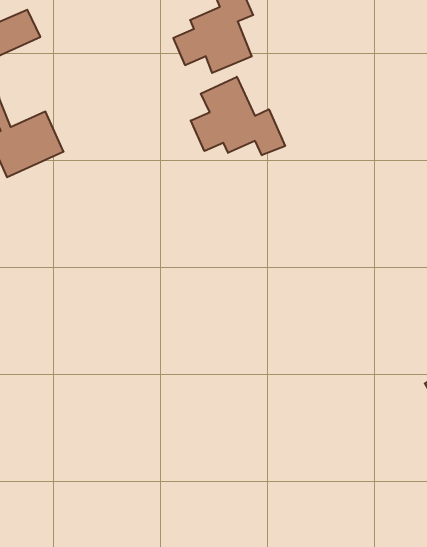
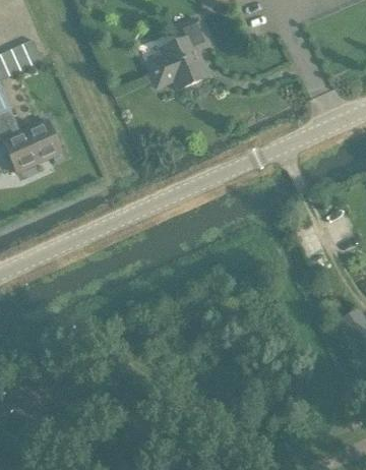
building: [191,77,285,155] -> none

